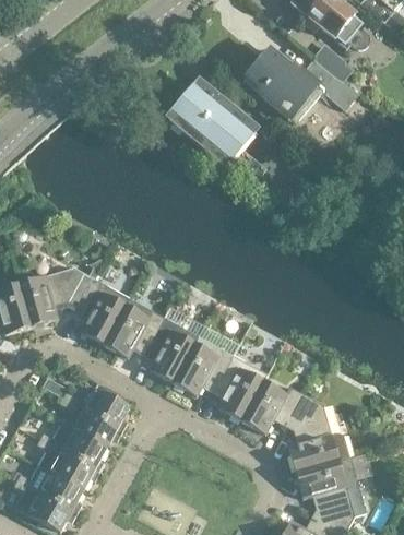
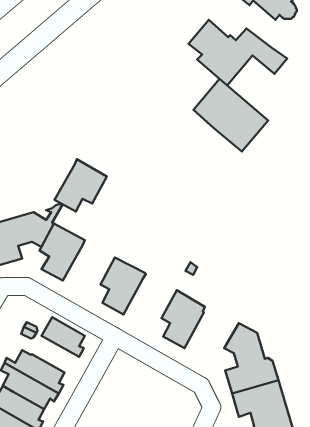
building: [310,43,350,81] -> none
building: [170,83,254,165] -> [194,79,268,151]
building: [105,298,164,357] -> [54,159,107,211]
building: [174,336,234,395] -> none
building: [242,380,304,433] -> none
building: [70,406,123,448] -> none

